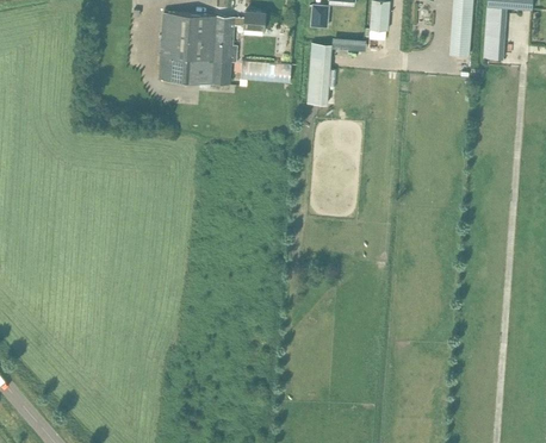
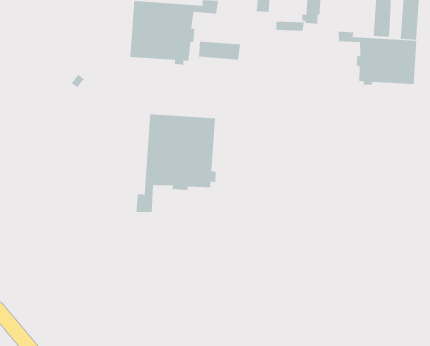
building: [308,44,328,106] -> none
building: none -> [338,31,417,85]
building: none -> [136,113,216,213]

